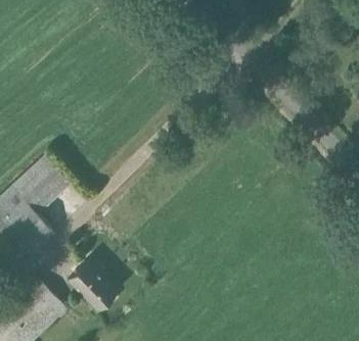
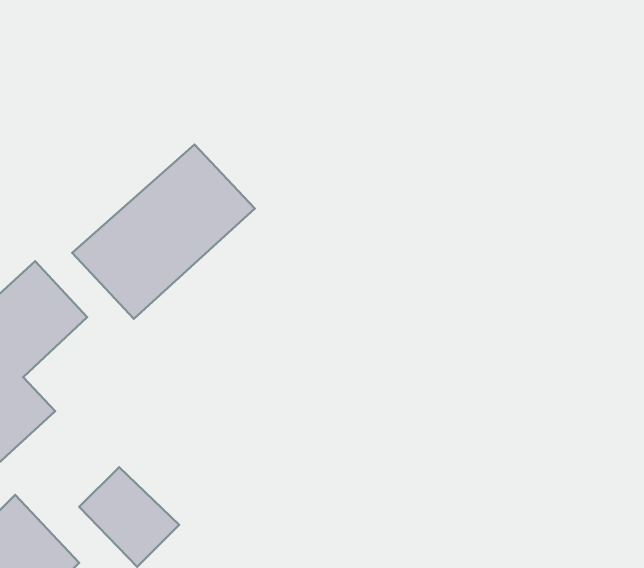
building: none -> [72,144,255,319]

